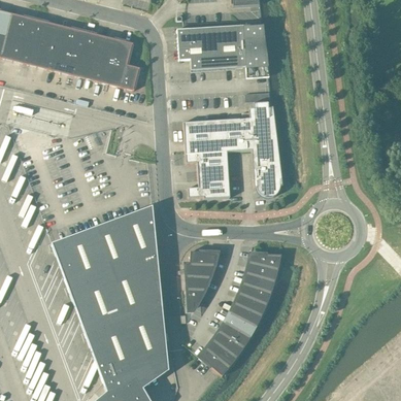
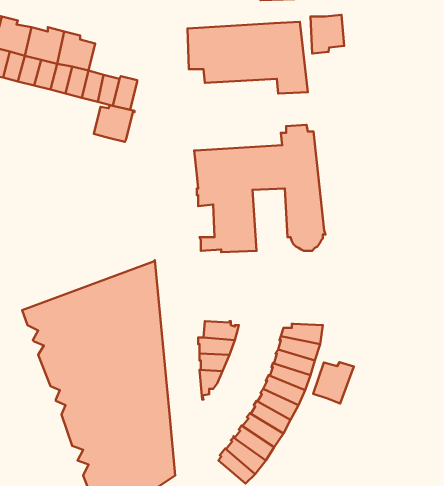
building: none -> [310,15,344,53]
building: [101,38,132,66] -> [94,105,134,142]
building: none -> [313,362,354,404]

